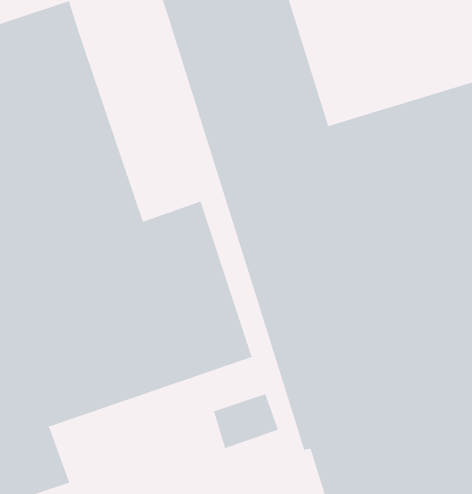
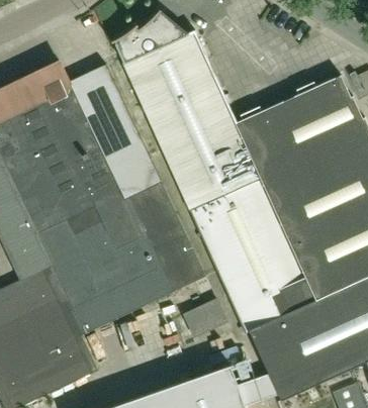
building: none -> [70,64,161,198]

